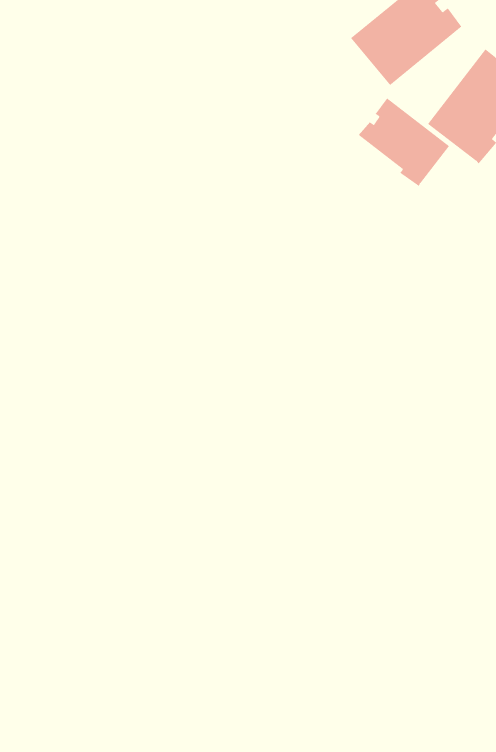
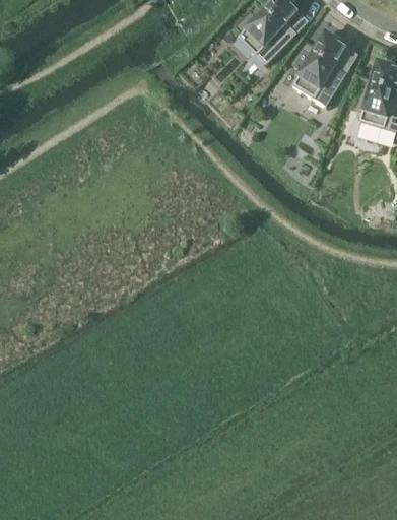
building: [358,97,450,187] -> none

